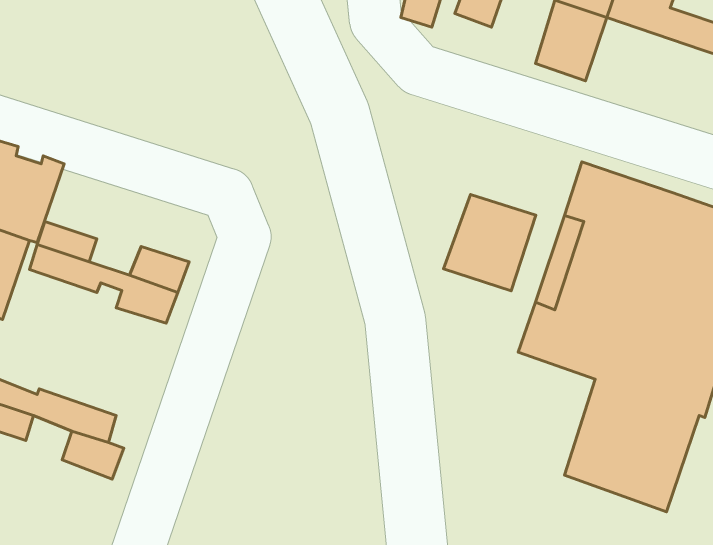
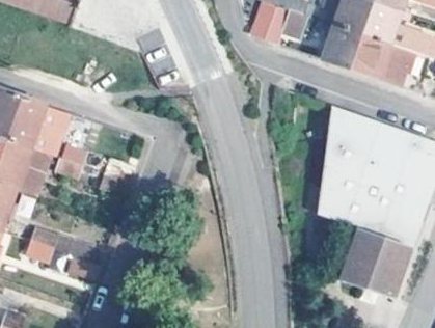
building: none -> [350,33,413,85]
building: [444,195,536,291] -> none

